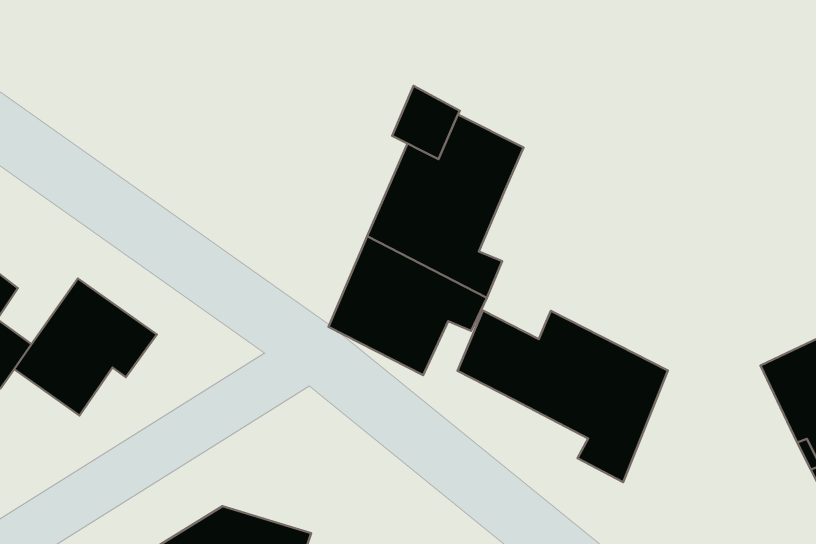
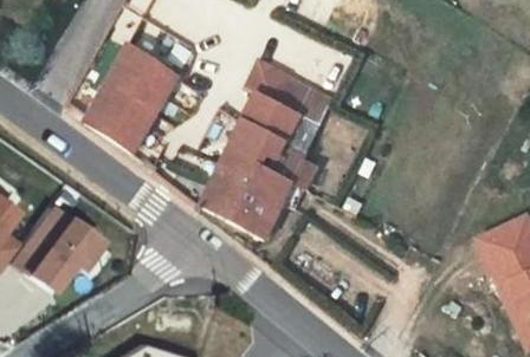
building: none -> [96,54,180,167]
building: [458,310,668,482] -> none

